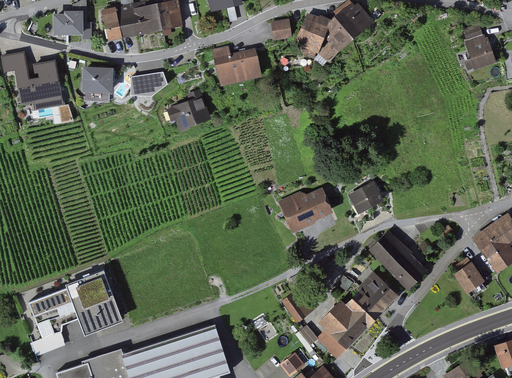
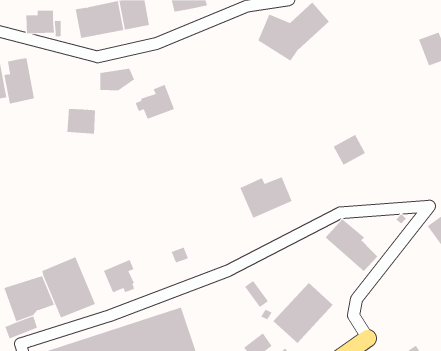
building: [268,21,290,43] -> none
building: [212,46,260,82] -> none
building: [81,66,112,93] -> [66,108,96,134]
building: [346,179,381,212] -> [333,134,366,165]
building: [454,263,483,294] -> none
building: [349,272,398,321] -> none
building: none -> [103,259,135,293]

